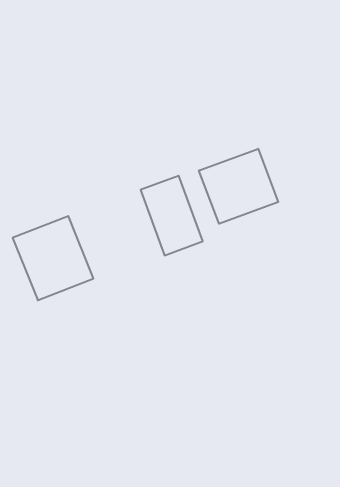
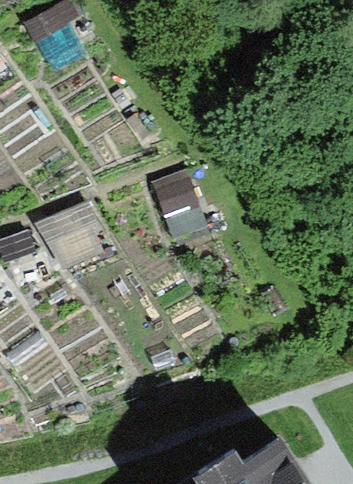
building: [199,149,278,224] -> none

